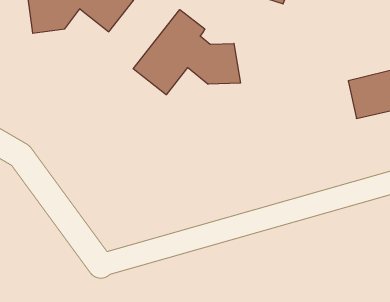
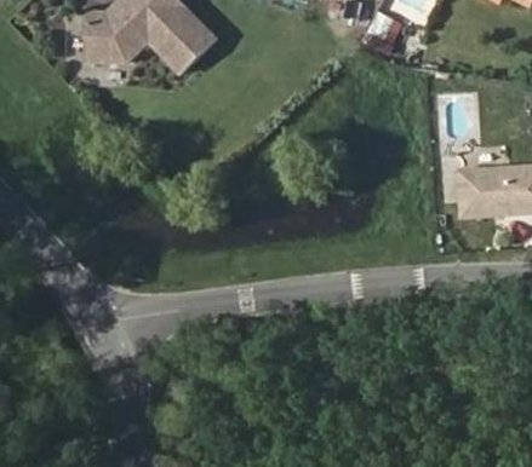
building: [133,10,240,95] -> none

